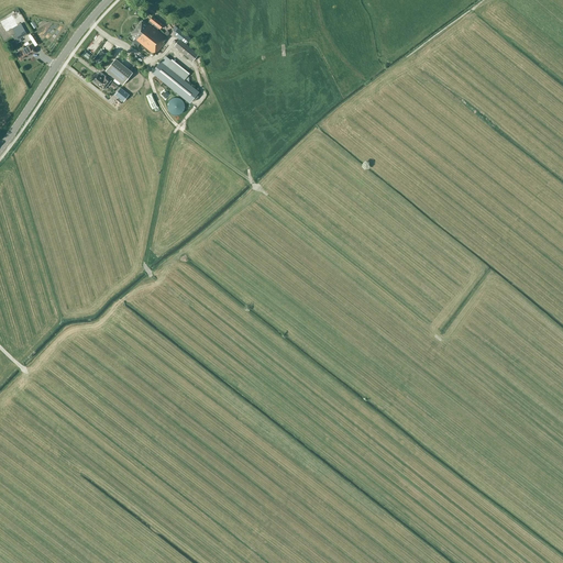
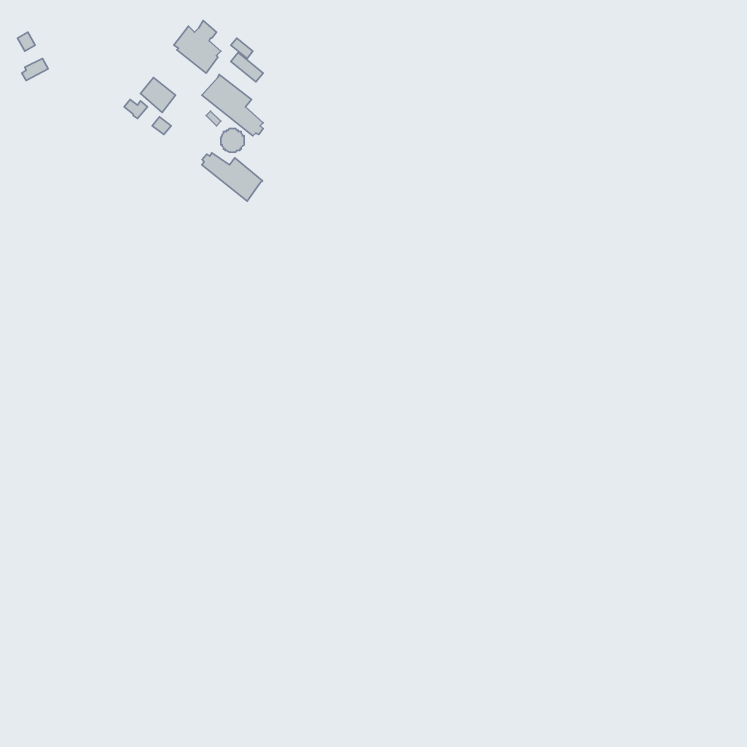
building: none -> [202,153,263,201]

